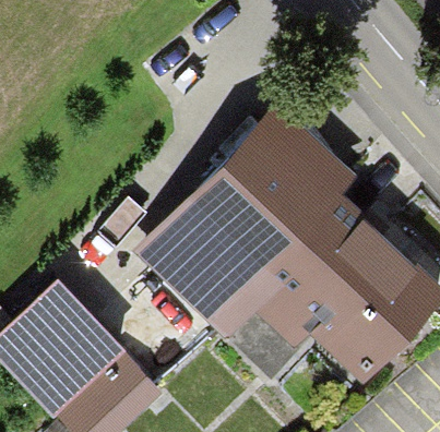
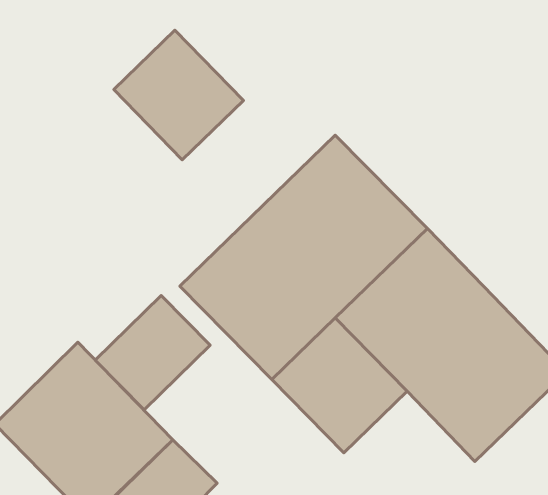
building: none -> [114,30,243,160]
building: none -> [95,296,210,410]

